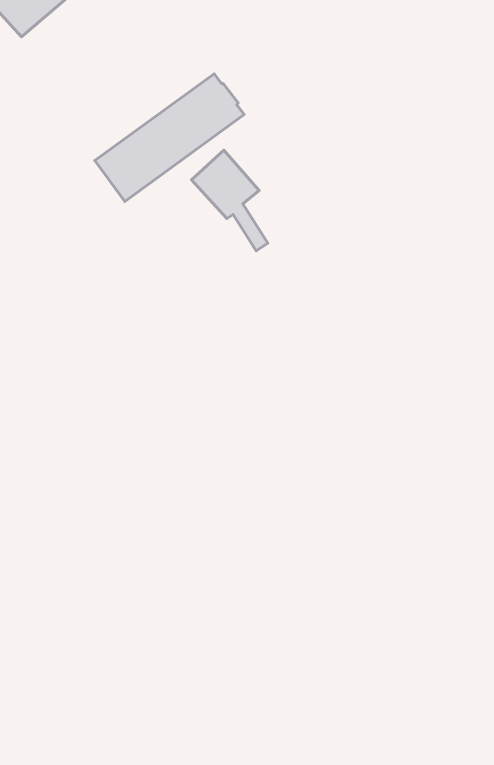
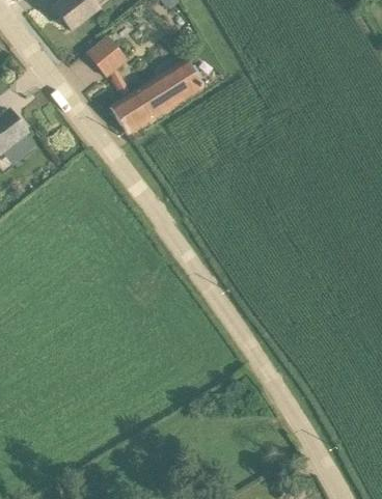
building: [192,150,268,251] -> [87,35,131,98]

